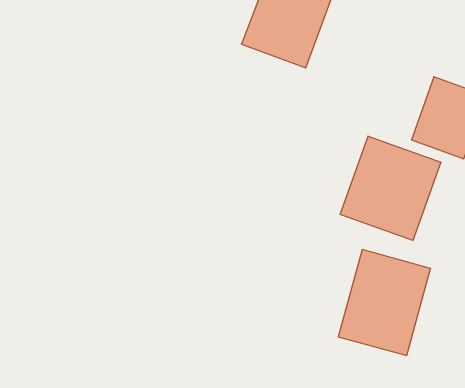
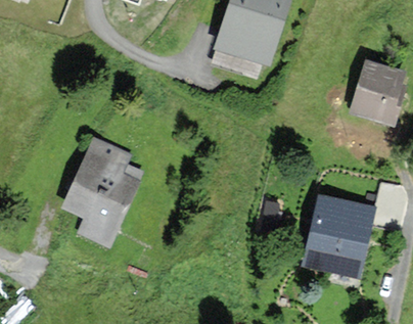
building: [340,136,441,240] -> none
building: none -> [67,141,136,243]

